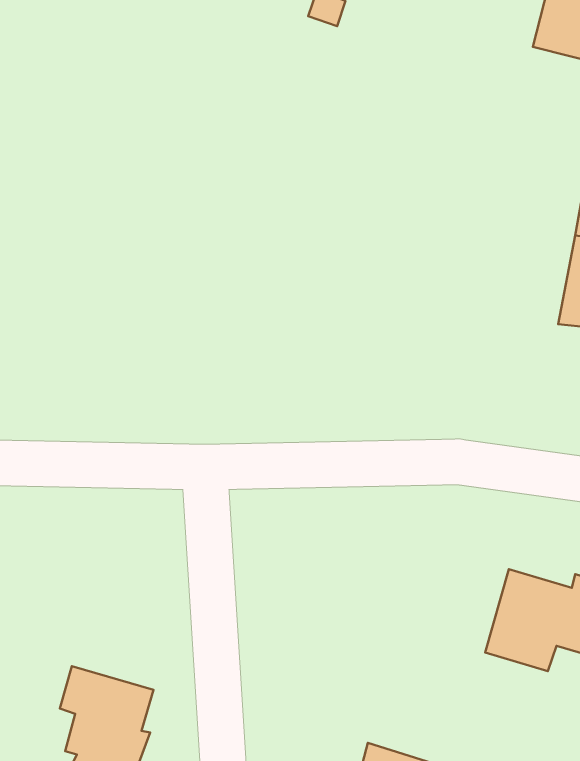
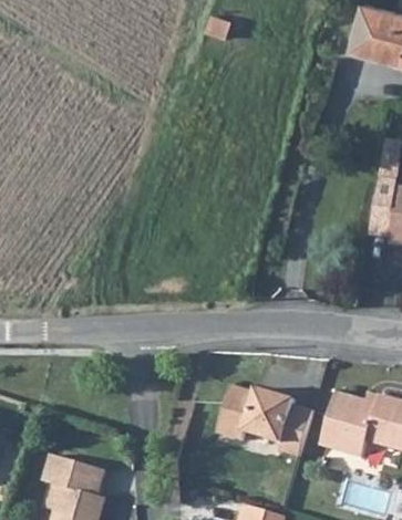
building: none -> [216,385,312,457]

